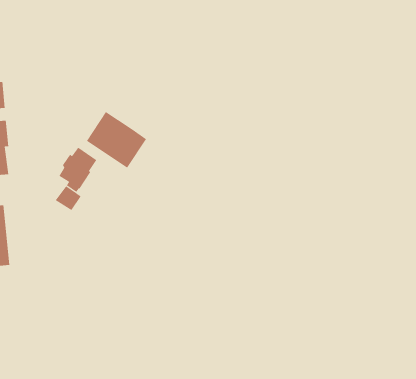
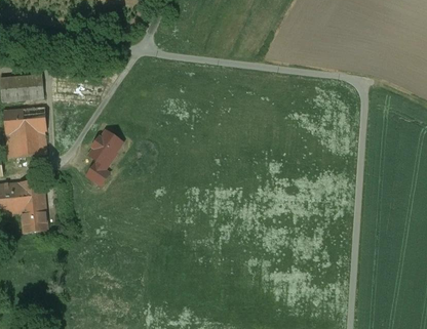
building: [86,111,147,169] -> none

